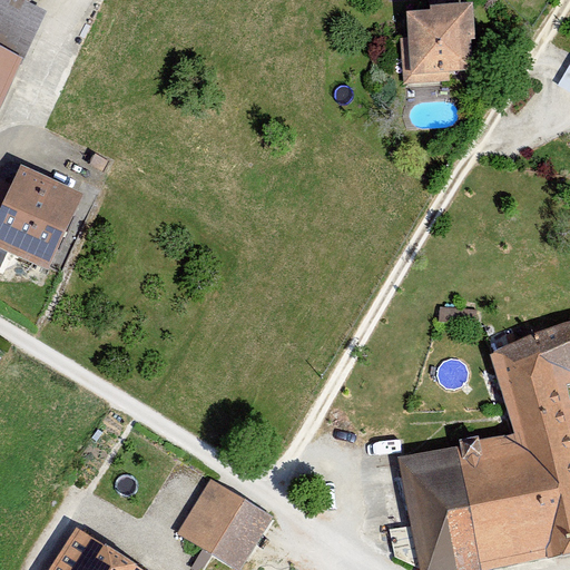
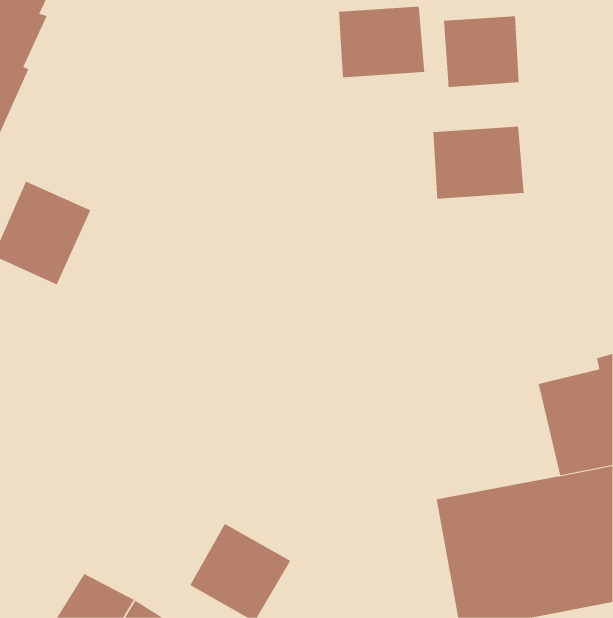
building: none -> [338,6,425,78]
building: none -> [433,126,524,199]

